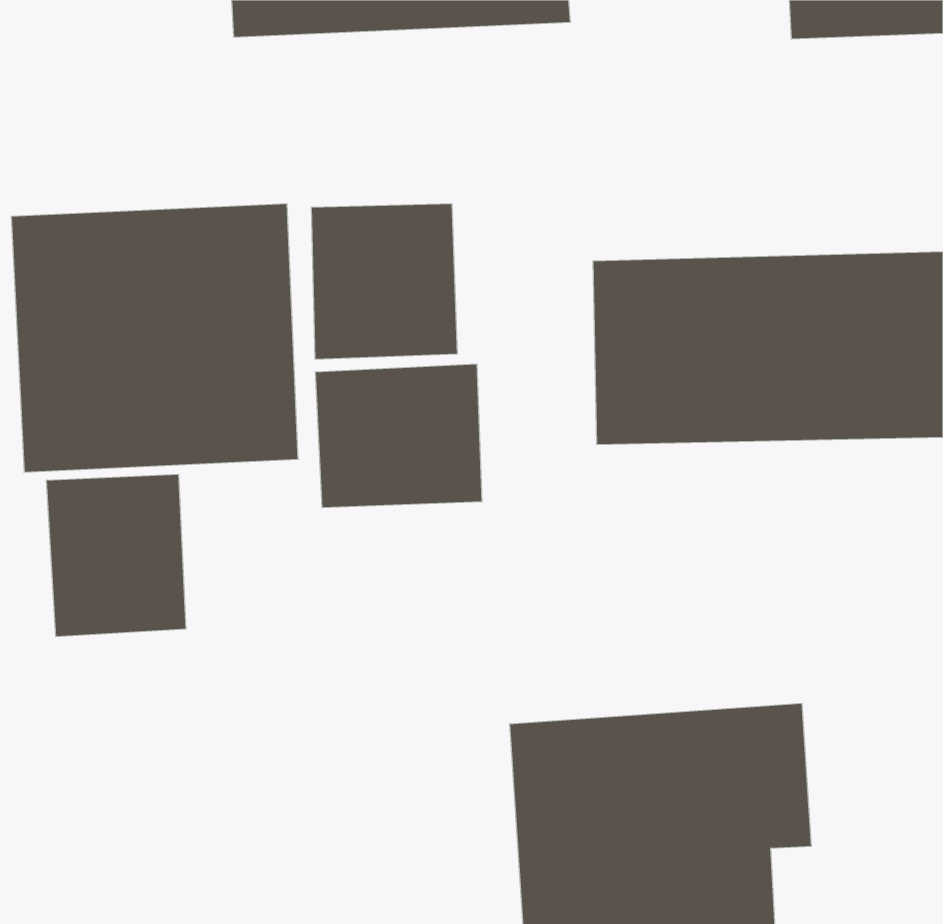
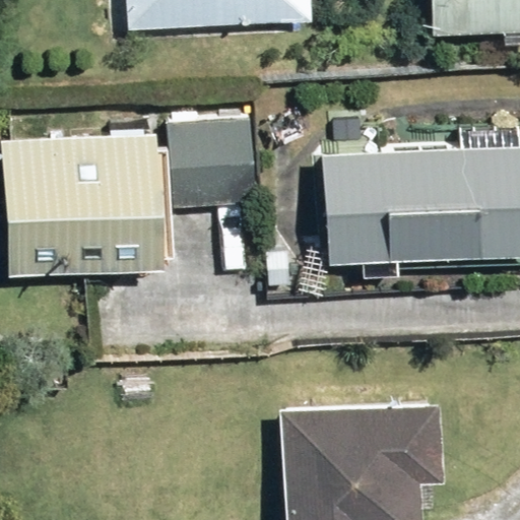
building: [315,364,482,508] -> none
building: [47,474,186,637] -> none

